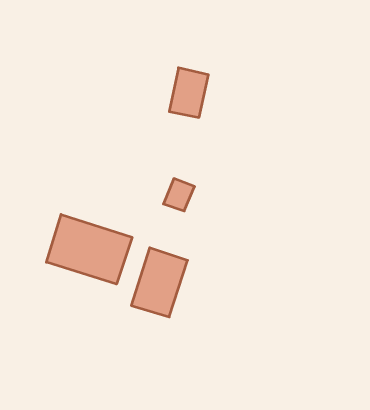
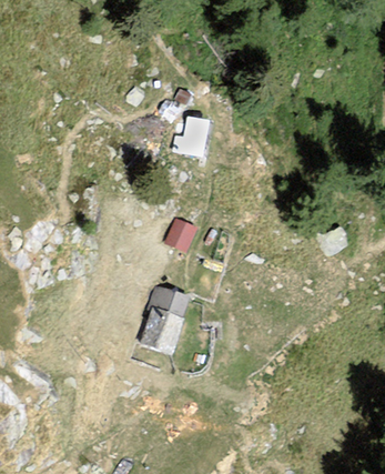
building: [46,214,132,284] -> none

